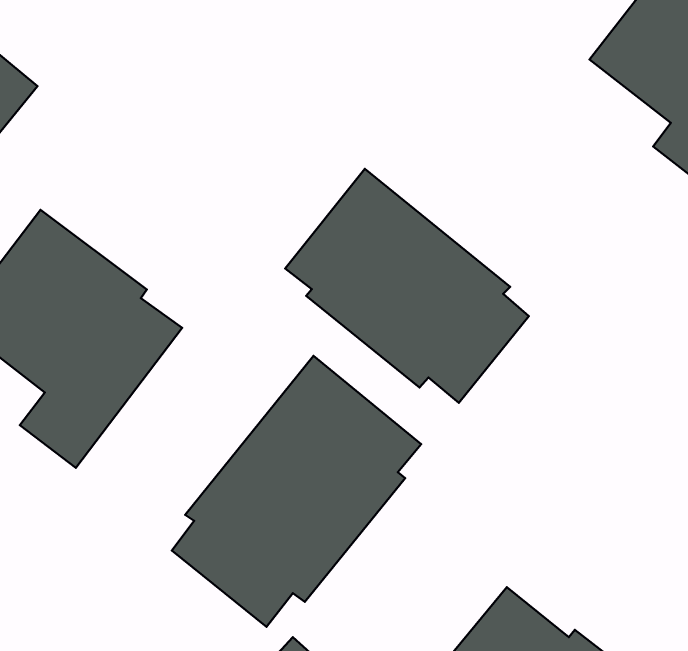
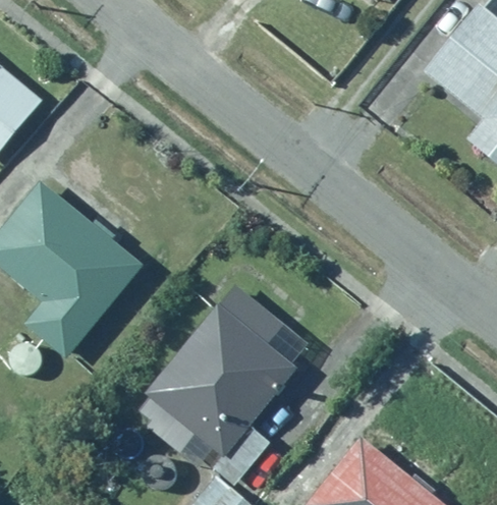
building: [285,169,529,403] -> none

